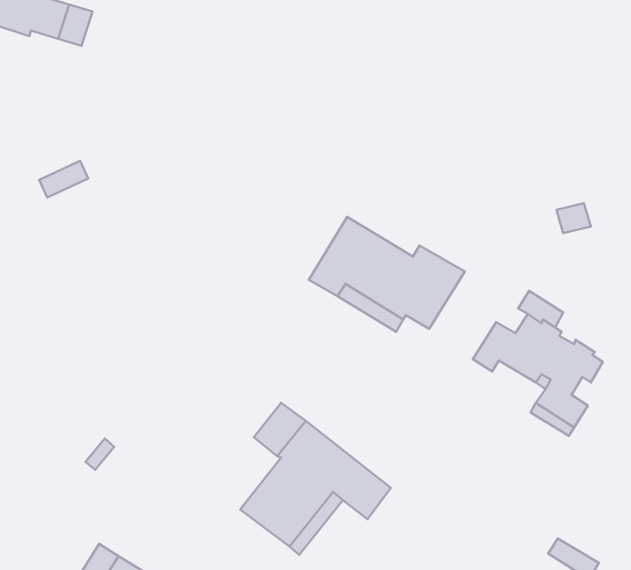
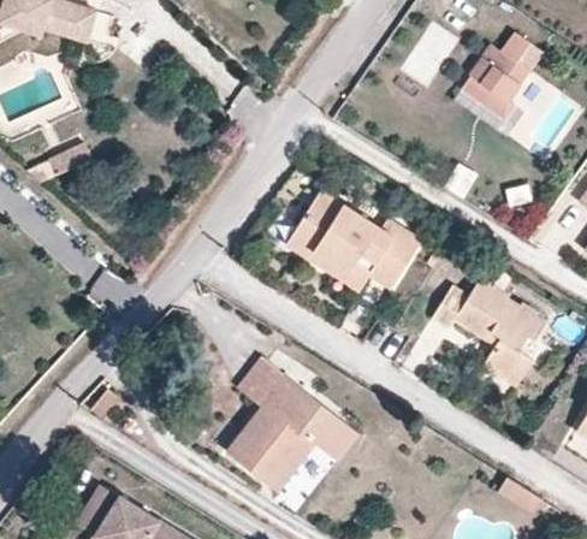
building: none -> [462,34,544,122]

